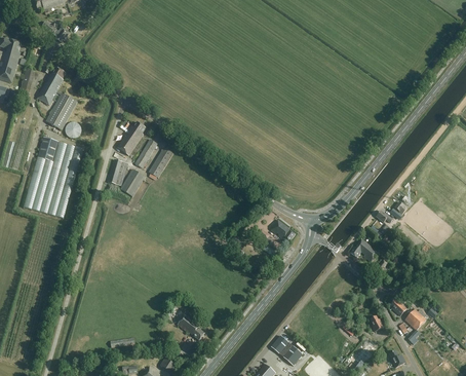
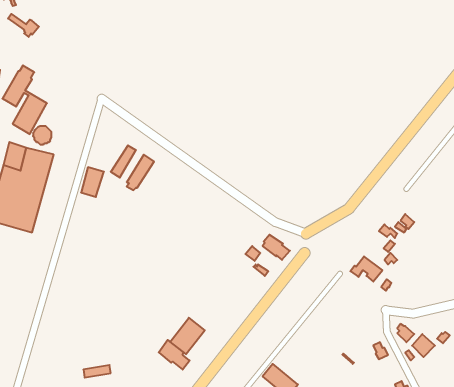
building: [117,121,146,154] -> none
building: [120,167,146,196] -> none
building: none -> [170,318,205,354]

